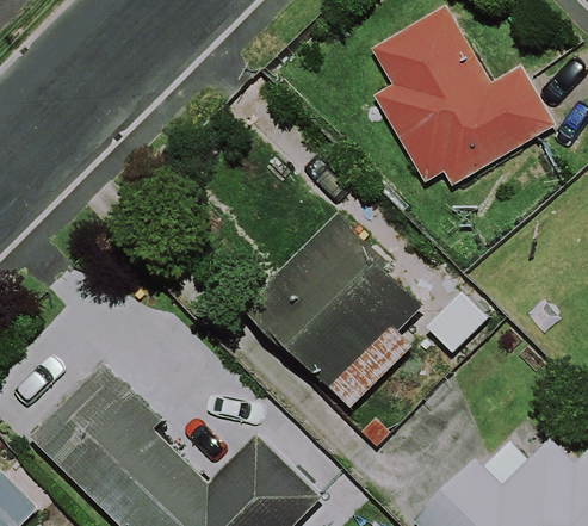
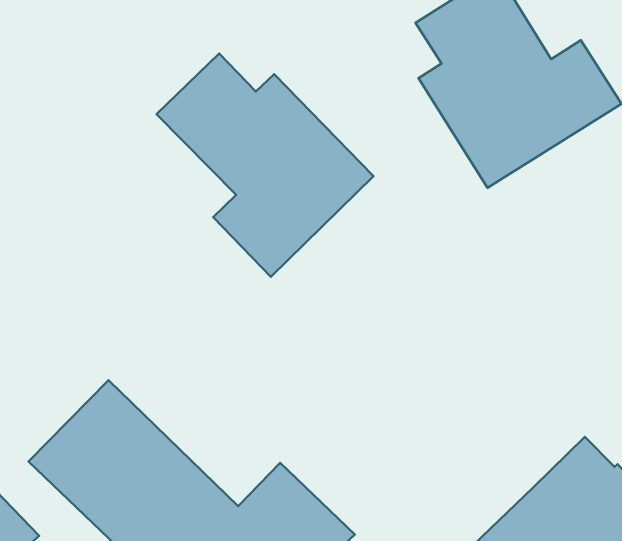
building: none -> [156,53,373,277]
building: [243,215,420,411] -> none

